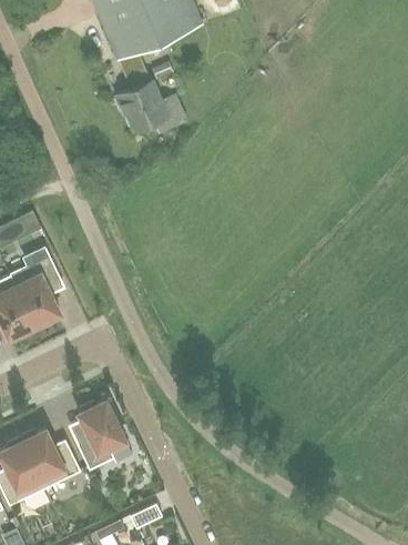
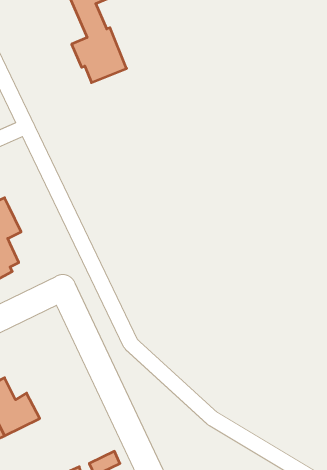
building: [74,398,132,468] -> none

